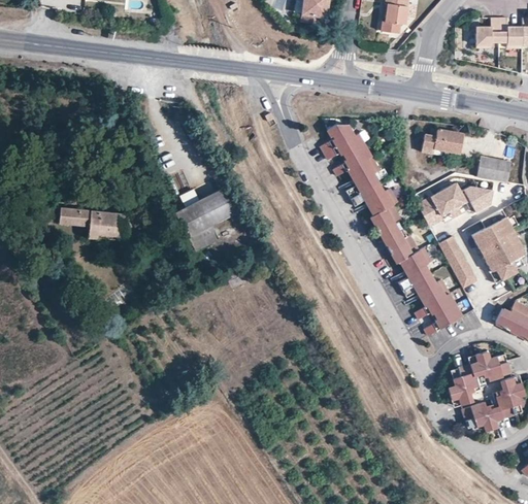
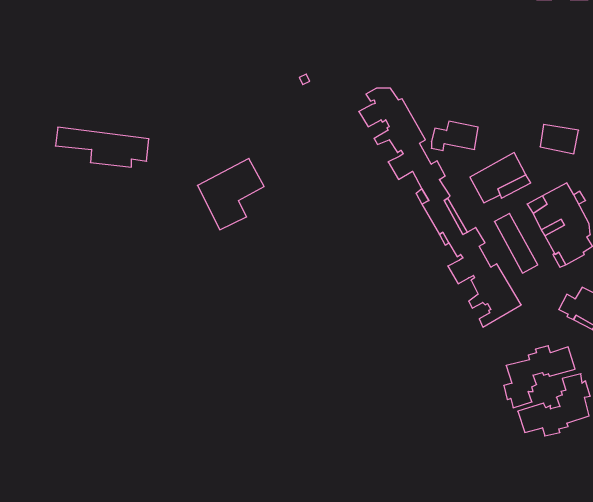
building: [423,128,464,154] -> [431,121,478,151]
building: [464,187,494,212] -> none
building: [60,206,142,241] -> [55,127,149,167]

